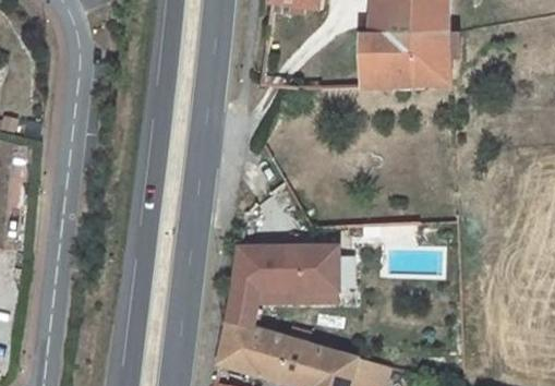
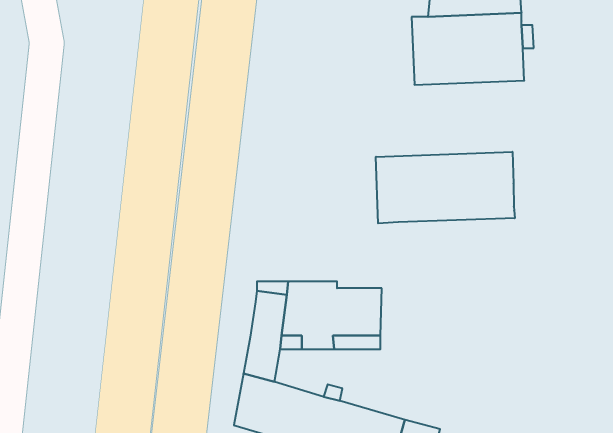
building: none -> [376,152,515,223]

